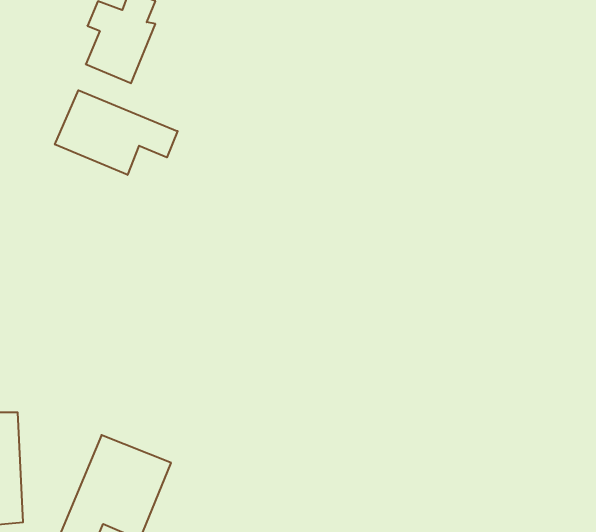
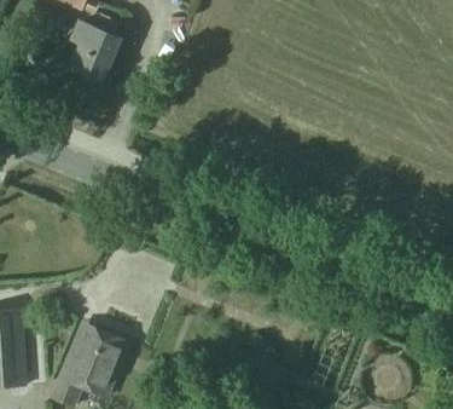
building: [55,90,178,175] -> none

